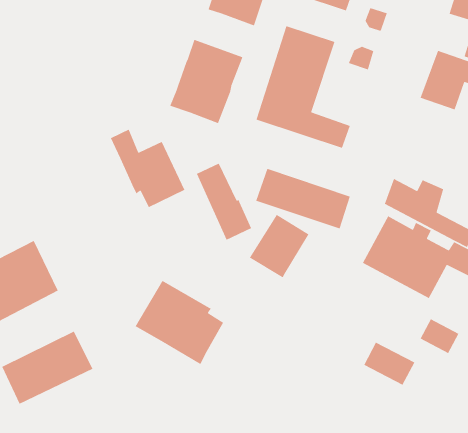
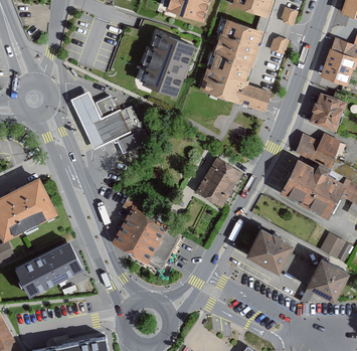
building: none -> [310,94,346,133]
building: [196,163,252,241] -> [70,93,112,150]
building: [255,168,351,230] -> none
building: none -> [247,232,292,274]
building: none -> [307,262,346,302]

